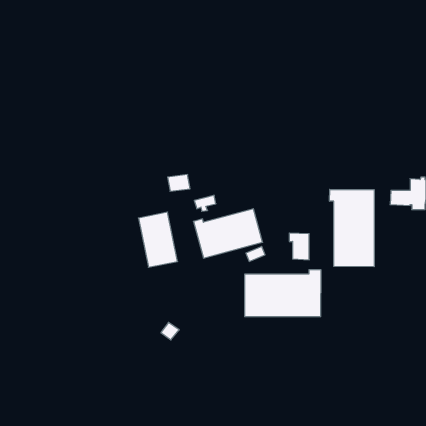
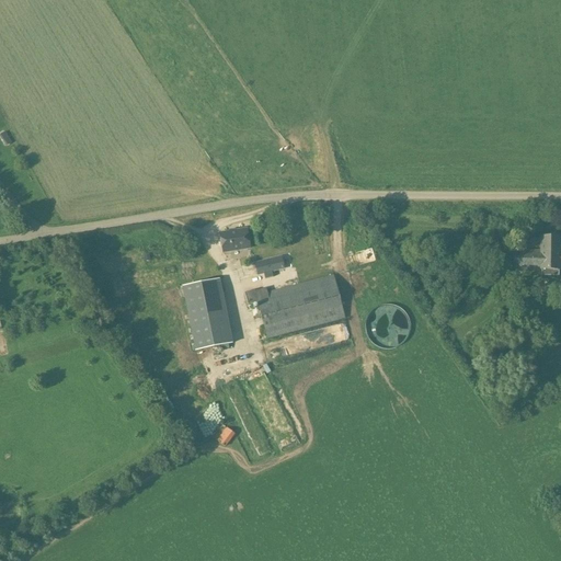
building: [330,189,374,267] -> none
building: [245,270,321,317] -> none

